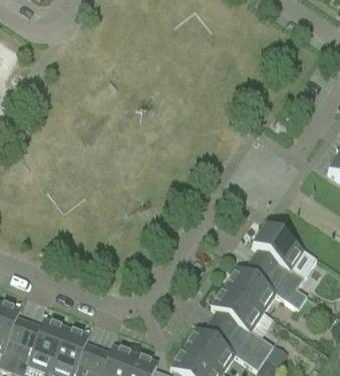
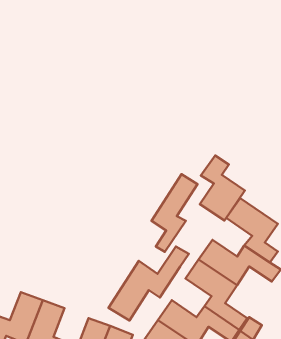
building: none -> [200,156,245,221]
building: none -> [151,174,198,252]
building: none -> [108,246,189,321]

